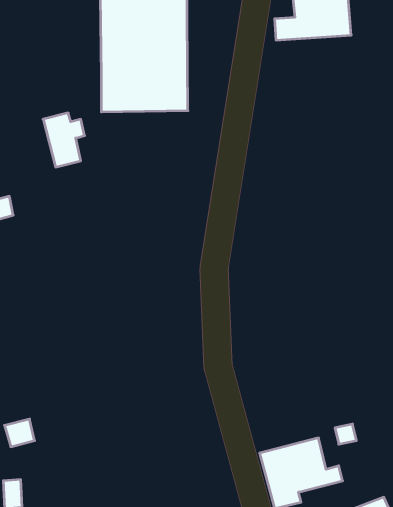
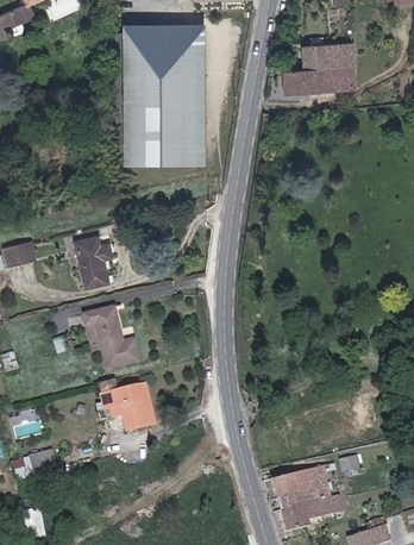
building: [43,113,85,167] -> [75,237,114,288]
building: none -> [83,308,138,370]
building: none -> [102,383,155,430]

